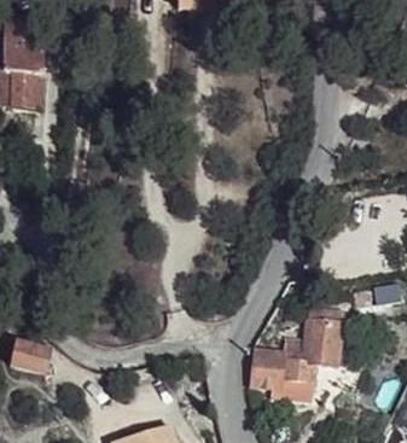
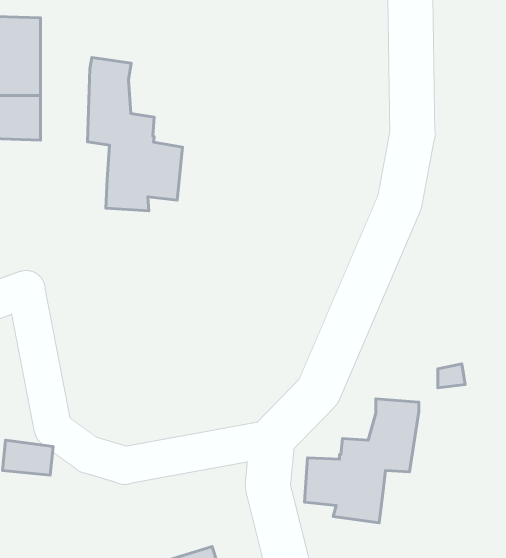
building: none -> [88,58,183,211]

